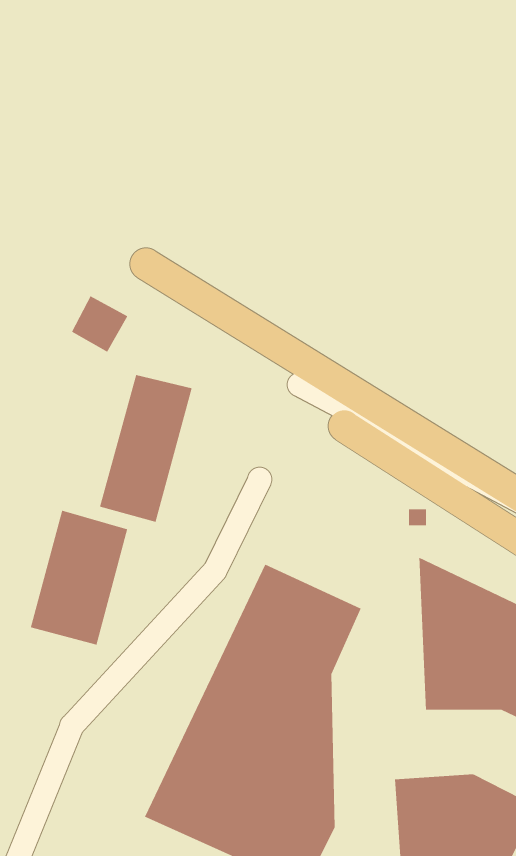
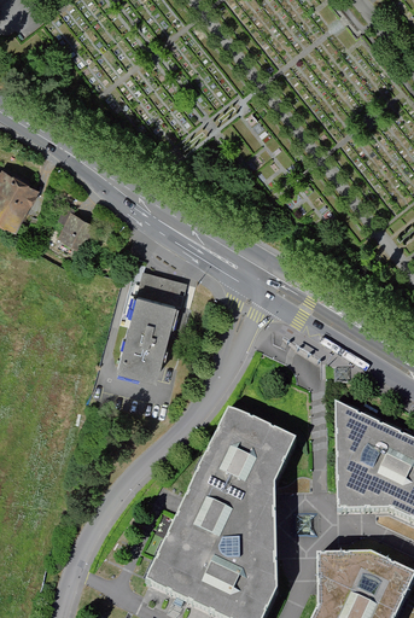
building: [71,296,128,352] -> [54,209,94,249]
building: [30,510,128,646] -> none

